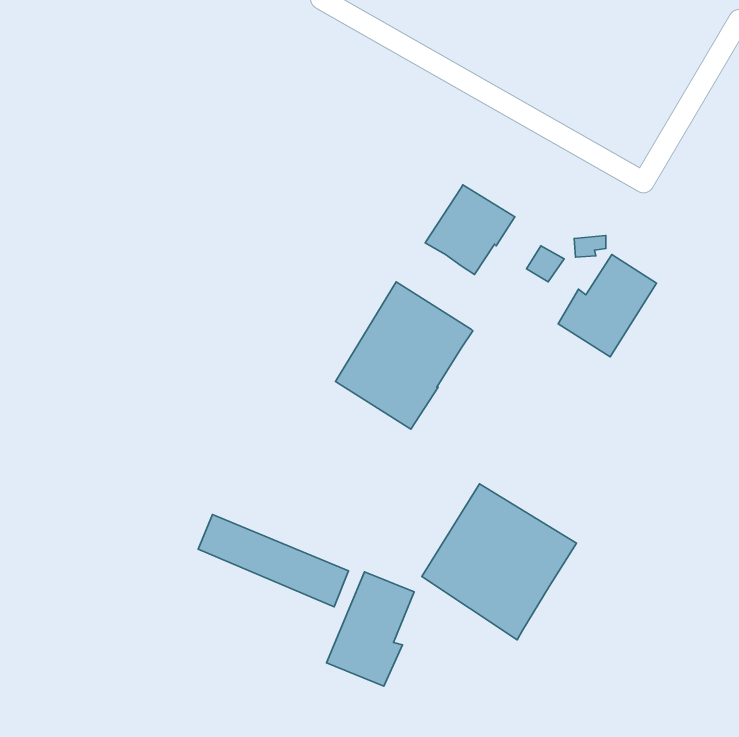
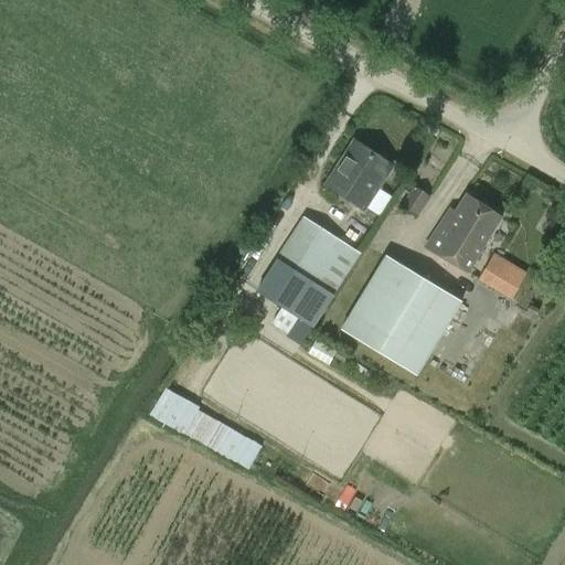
building: none -> [479,256,523,297]
building: [422,484,577,640] -> [342,255,460,374]
building: [326,572,414,686] -> none

